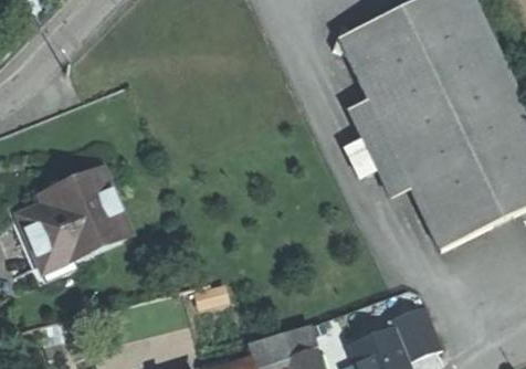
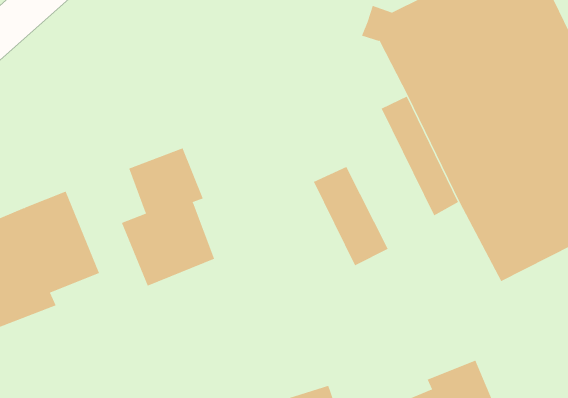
building: none -> [121,148,215,286]
building: none -> [313,166,388,266]

